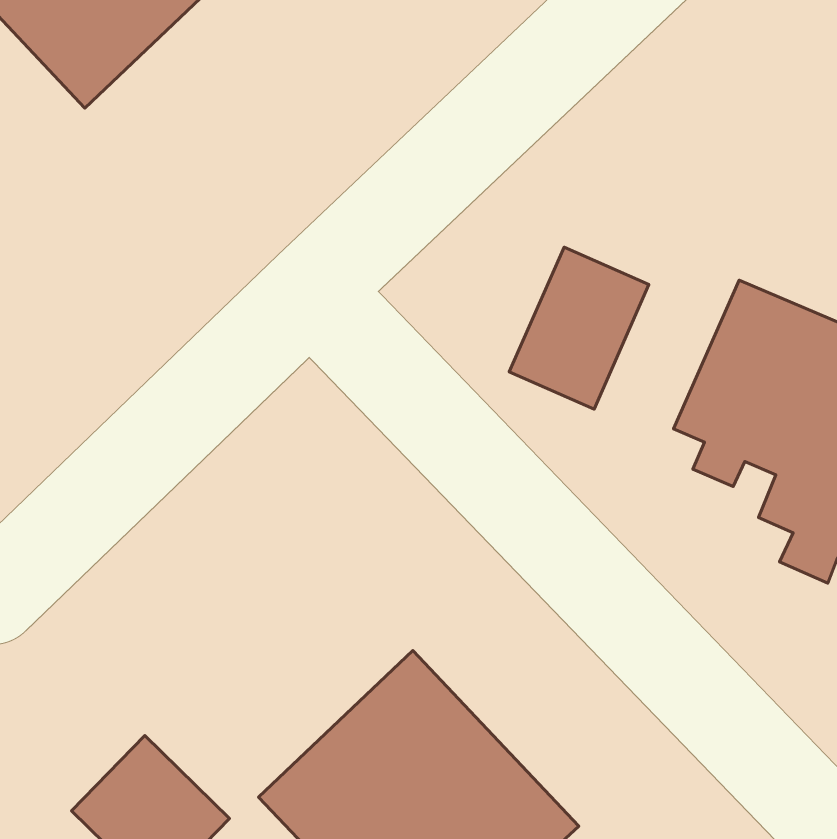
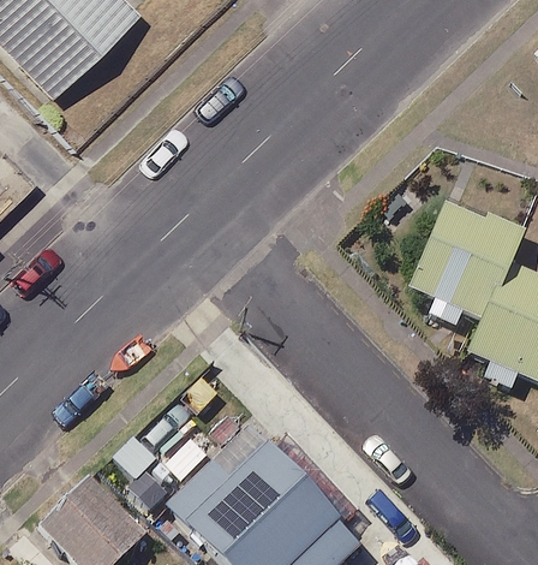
building: [509,247,649,409] -> none

